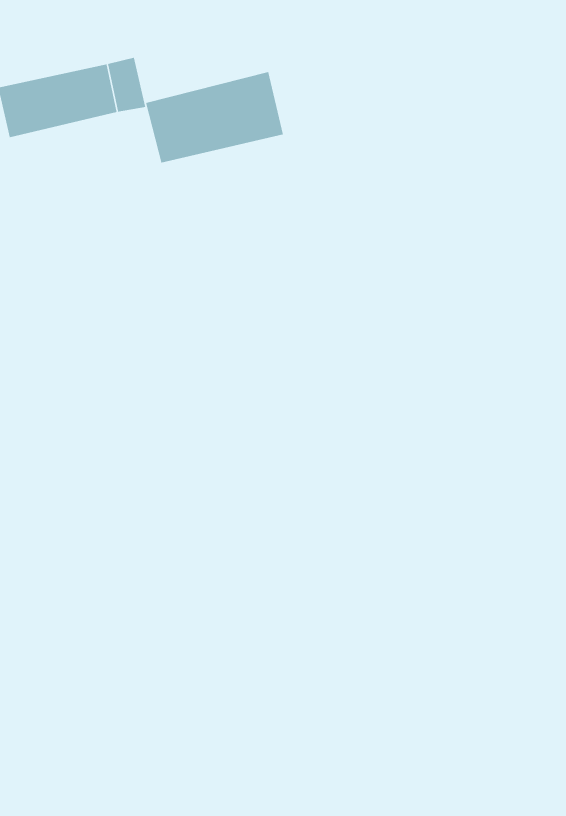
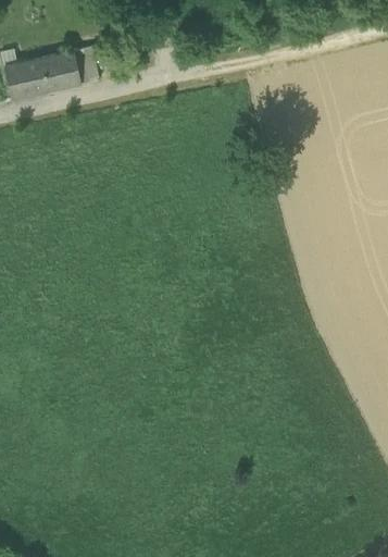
building: [145,71,284,164] -> none

